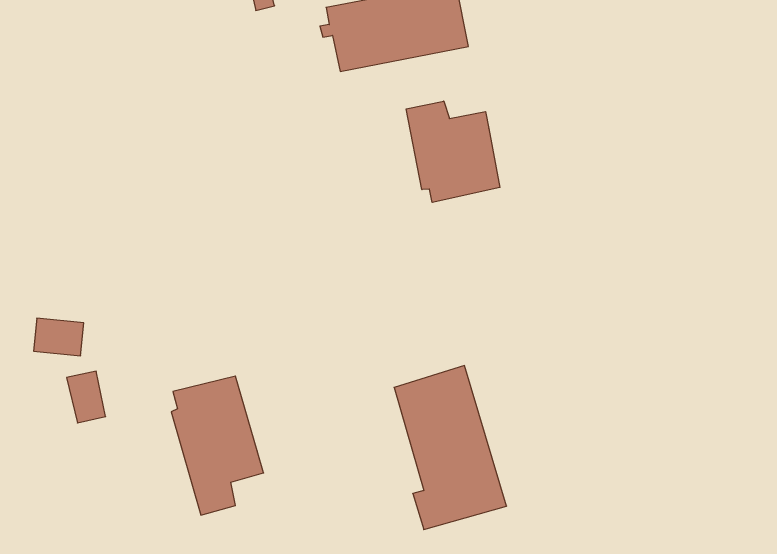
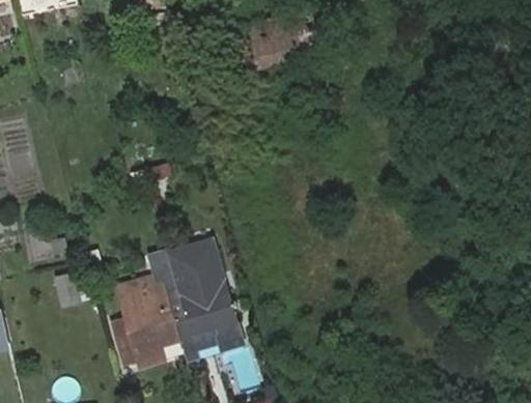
building: [406,101,500,202] -> none
building: [394,366,507,530] -> [166,238,241,347]

